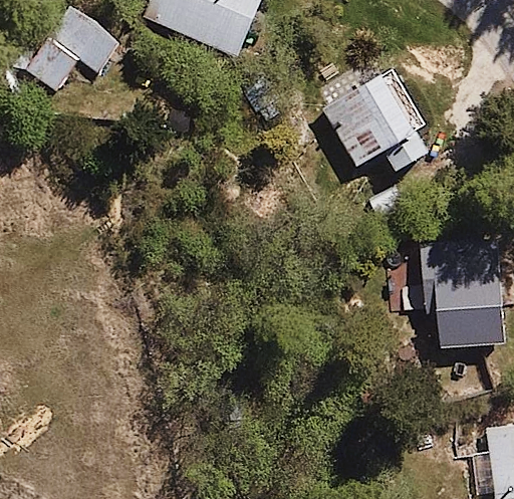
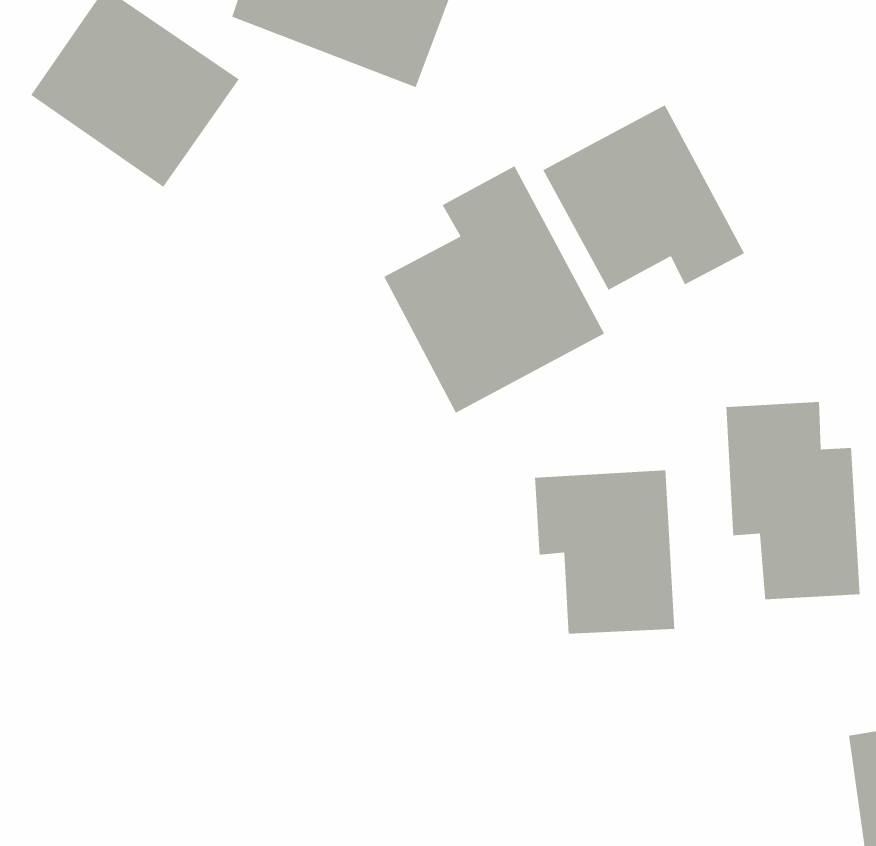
building: none -> [383,165,605,414]
building: none -> [534,470,675,635]

